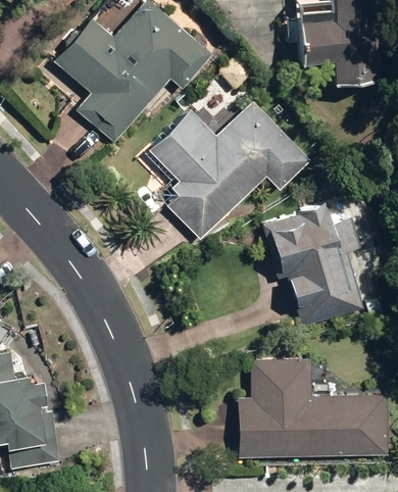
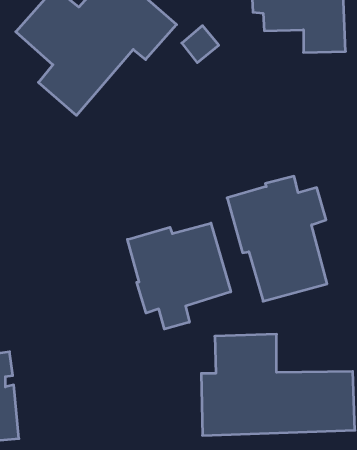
building: [150,101,310,240] -> none
building: none -> [127,223,231,329]

